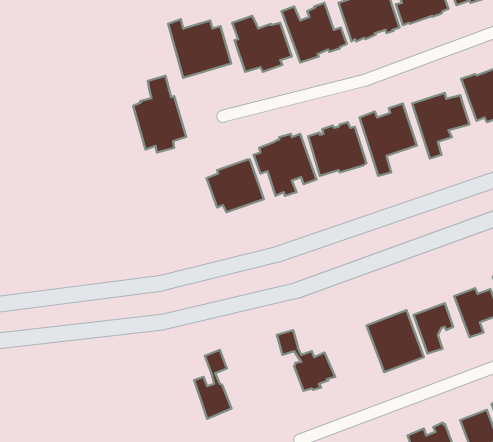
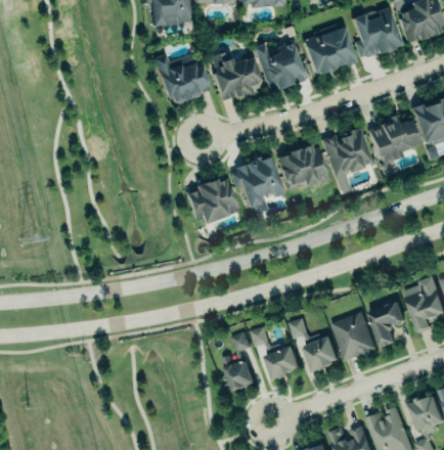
building: [133,76,186,152] -> none
building: none -> [288,319,339,372]
building: [194,350,232,419] -> [222,331,255,392]

